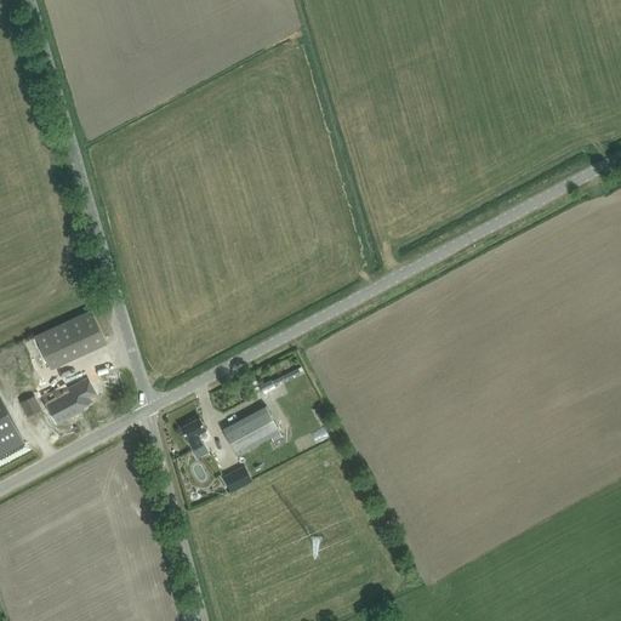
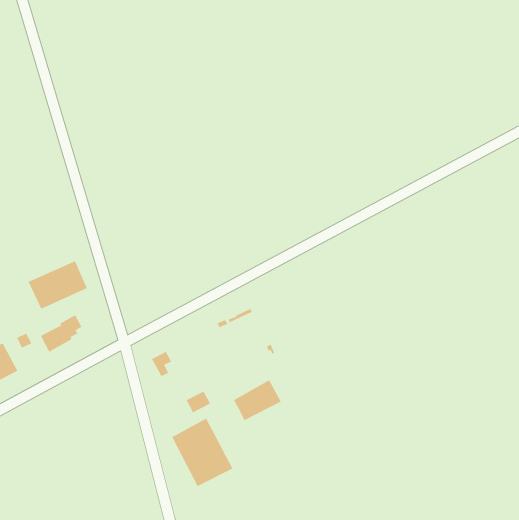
building: [221,406,279,456] -> [233,379,282,421]
building: none -> [171,418,233,487]

